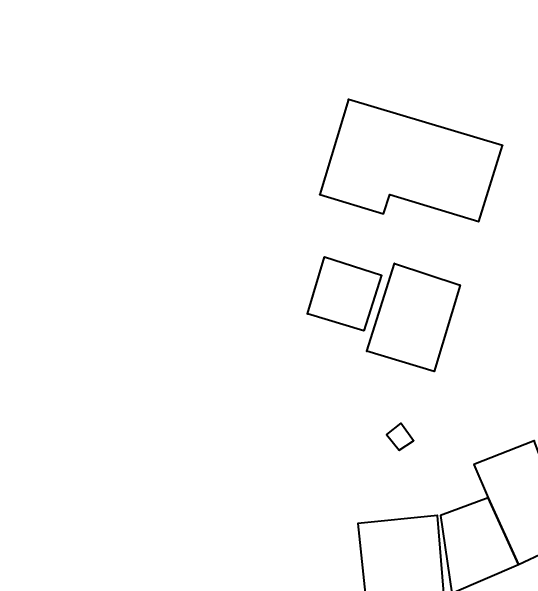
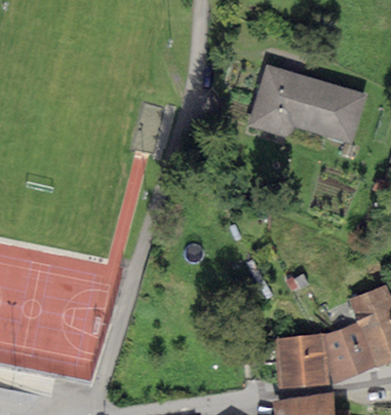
building: [307,257,382,331] -> none
building: [367,263,460,371] -> none

